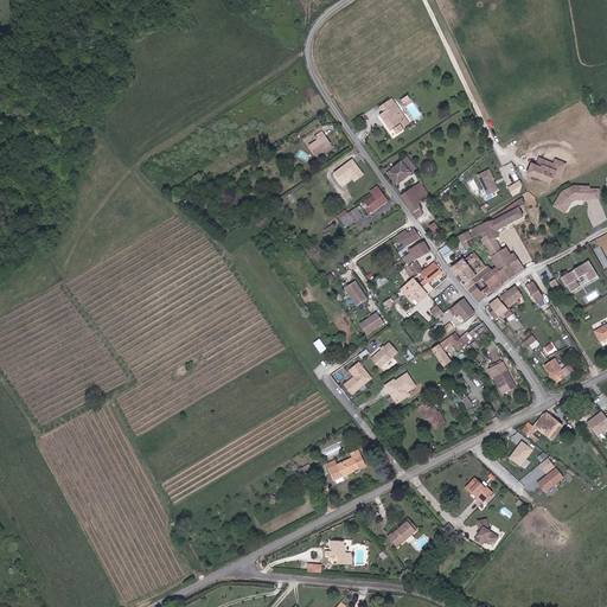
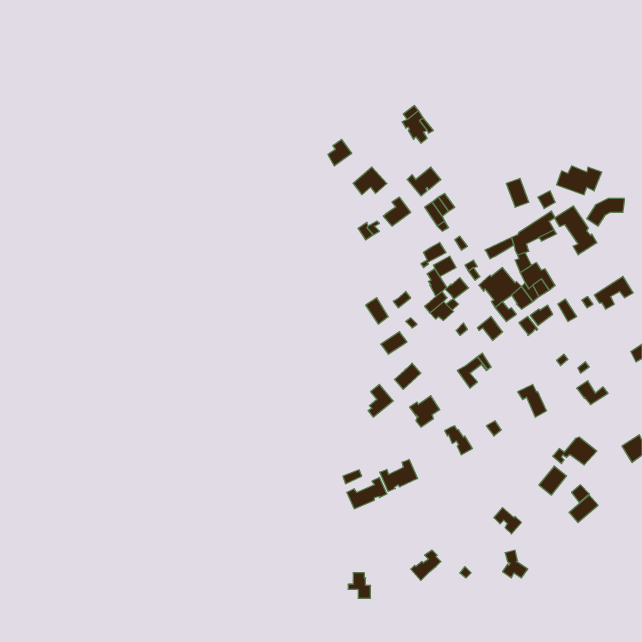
building: none -> [555,206,597,255]
building: none -> [380,459,418,491]

